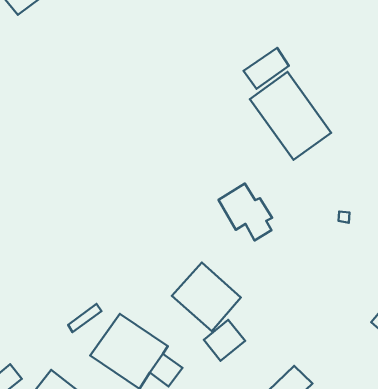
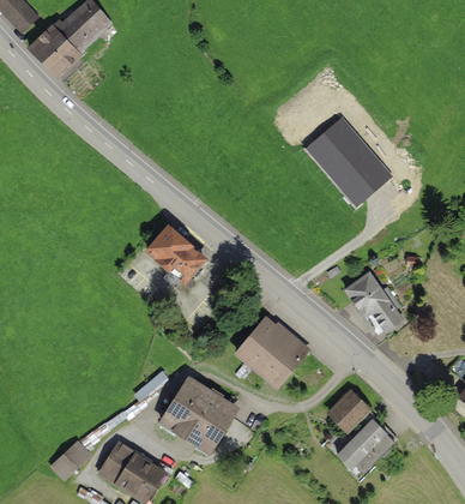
building: [244,48,289,89] -> none
building: none -> [145,227,209,288]
building: [218,183,272,241] -> [343,270,400,329]
building: [204,320,245,361] -> [325,389,368,432]

